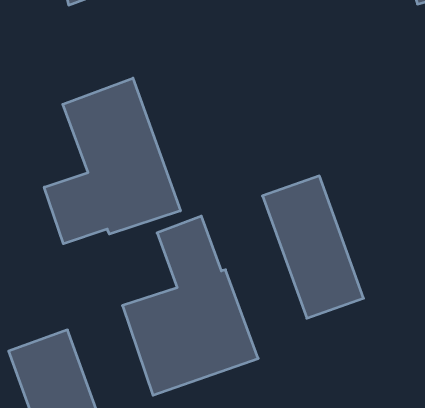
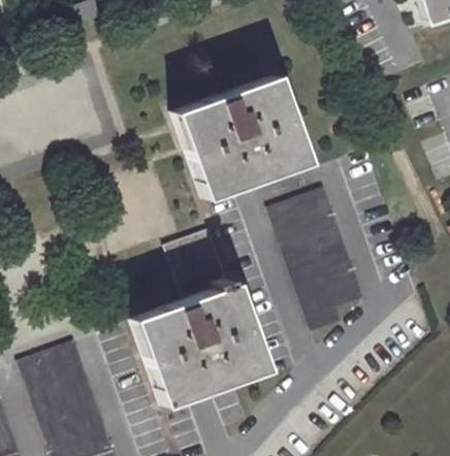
building: none -> [172,78,304,202]
building: [44,78,180,244] -> none

